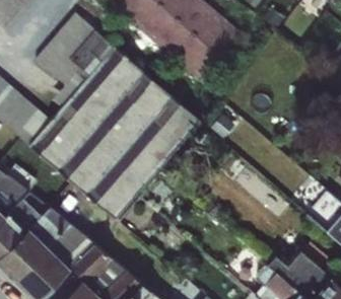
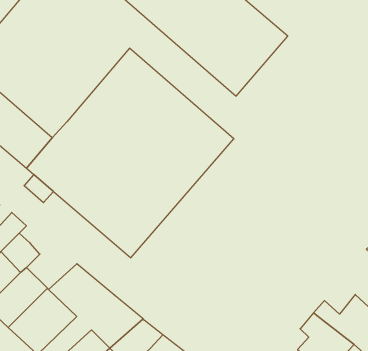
building: [35,12,114,106] -> none
building: [28,207,70,245] -> none

